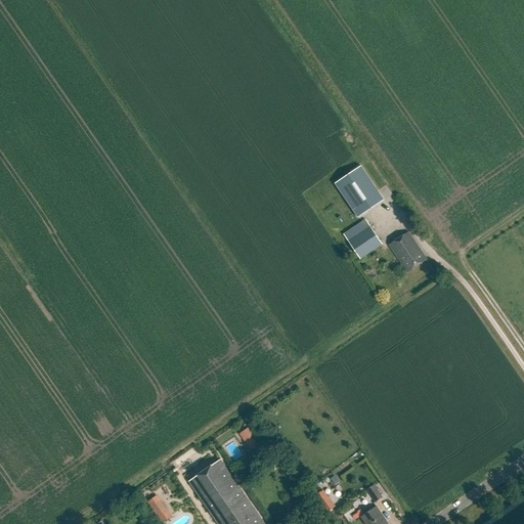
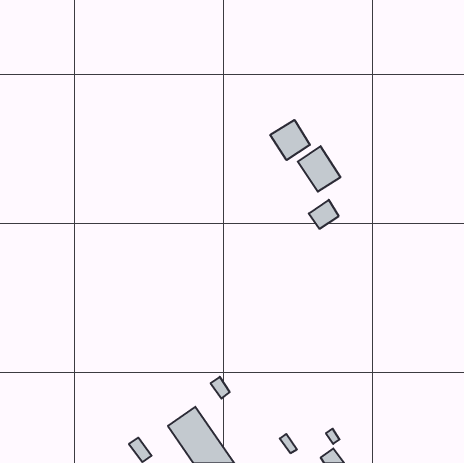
building: none -> [270,120,310,160]
building: [389,231,427,271] -> none

